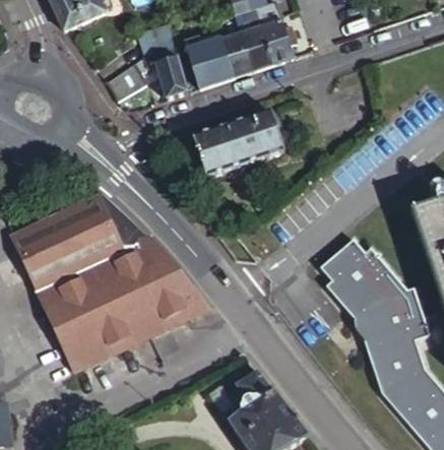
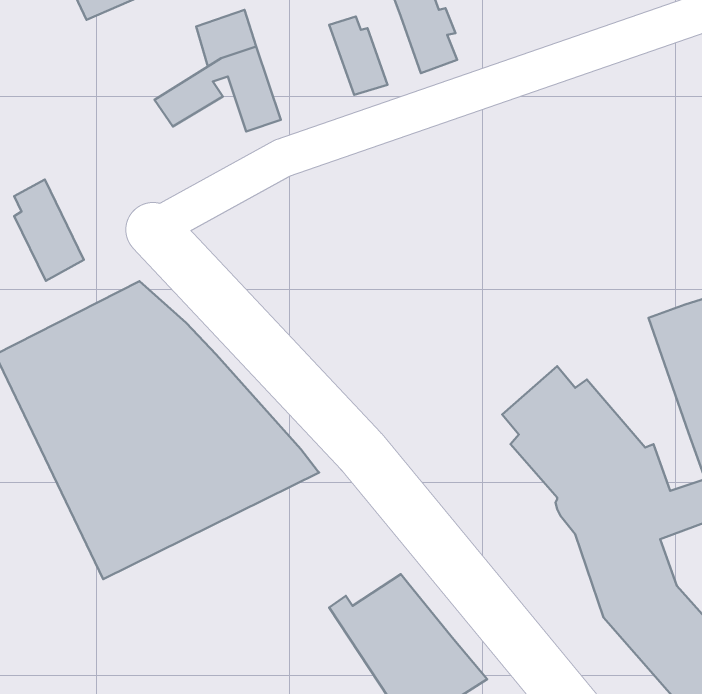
building: [239,29,271,71] -> none
building: [183,35,231,89] -> none
building: [193,112,288,184] -> none
building: none -> [14,180,84,281]

